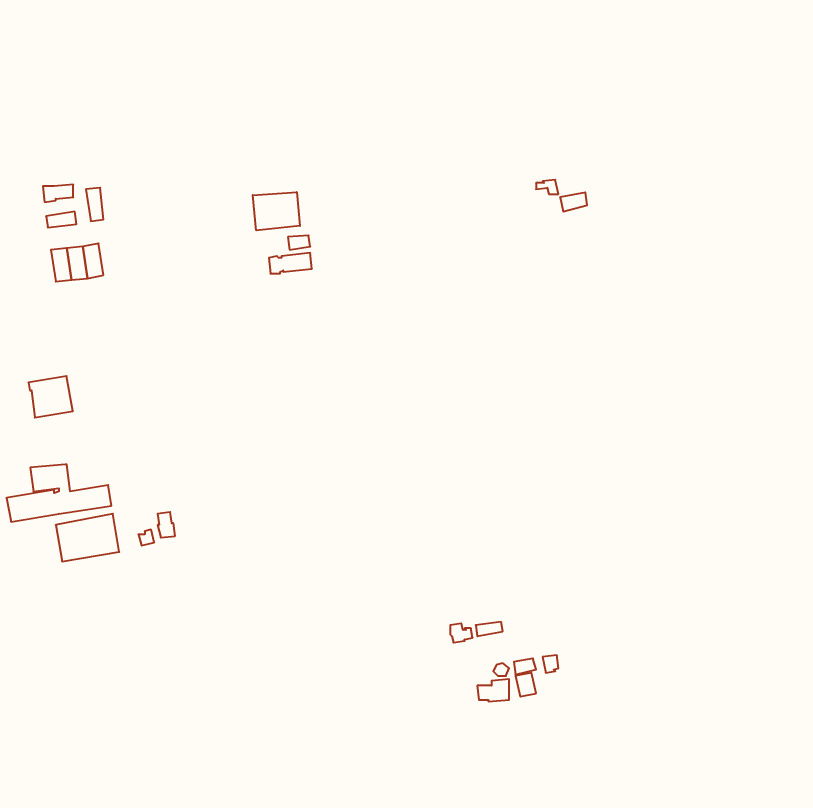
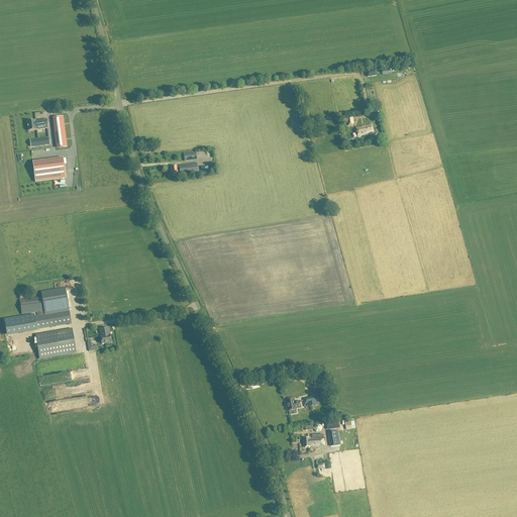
building: [253,192,300,230] -> none
building: [28,376,73,418] -> [40,286,69,312]

